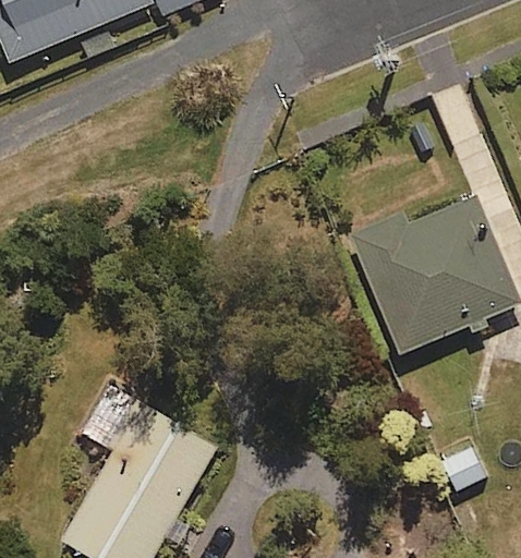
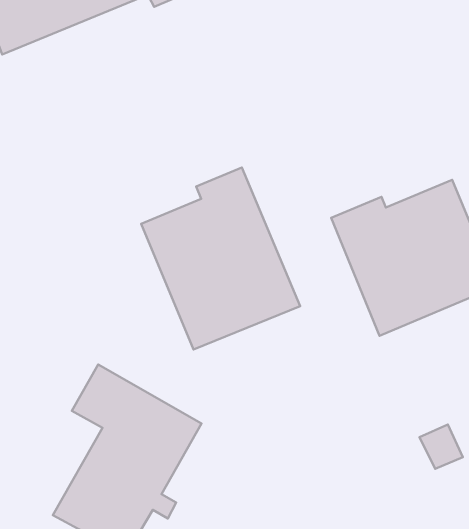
building: none -> [141,167,300,350]

